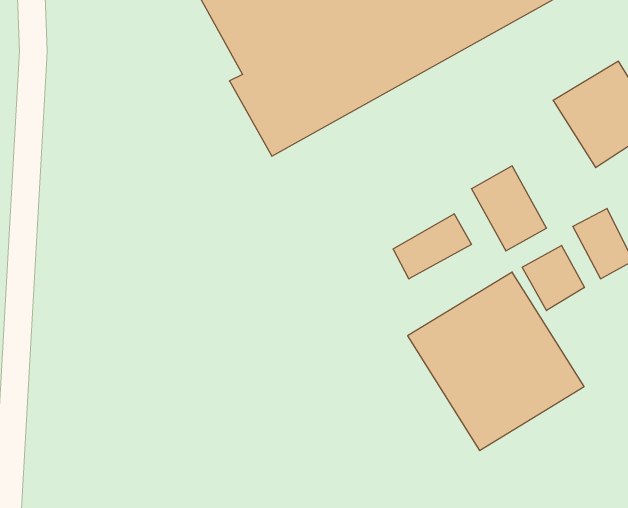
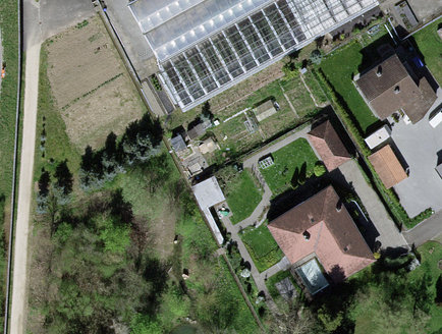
building: [393,214,471,279] -> none
building: [522,245,584,311] -> none

